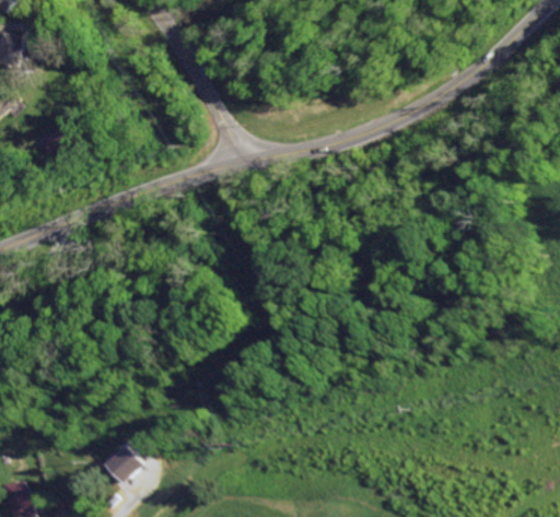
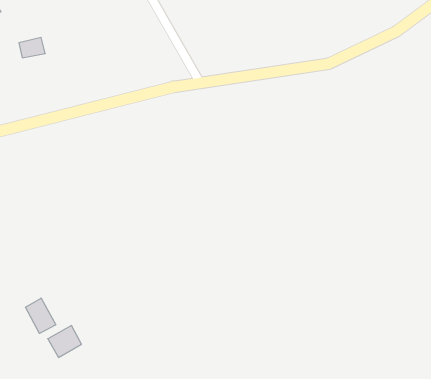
building: none -> [26,298,56,333]

